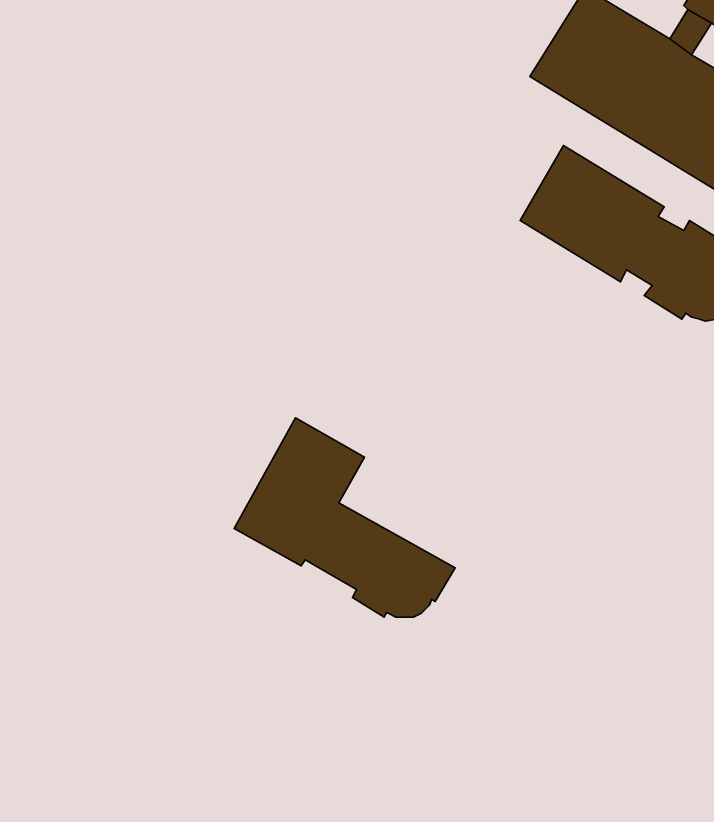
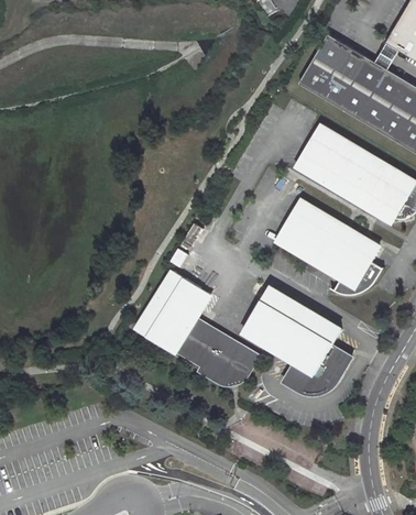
building: none -> [273,198,381,292]
building: none -> [242,287,352,393]

